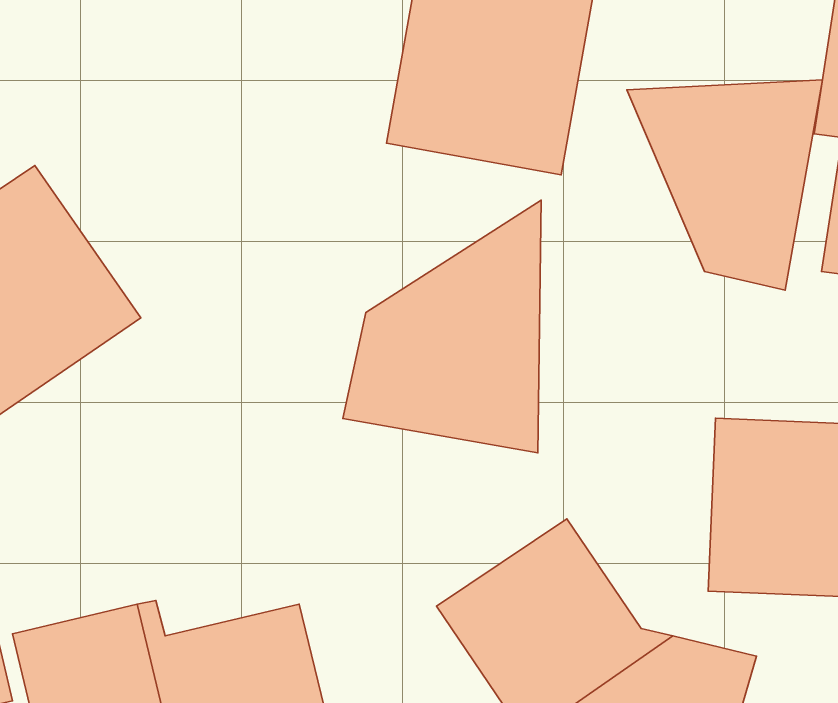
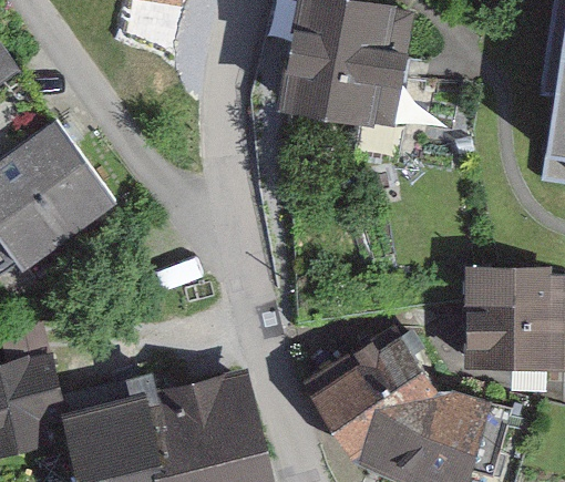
building: [627,80,822,290] -> none
building: [343,200,541,453] -> none

